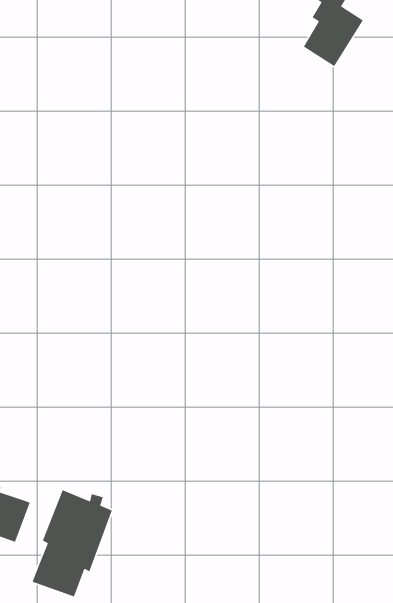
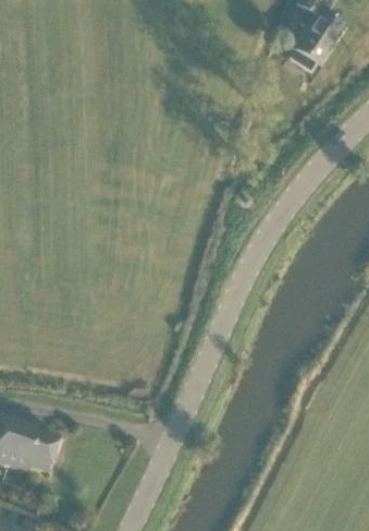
building: [31,489,113,598] -> none

